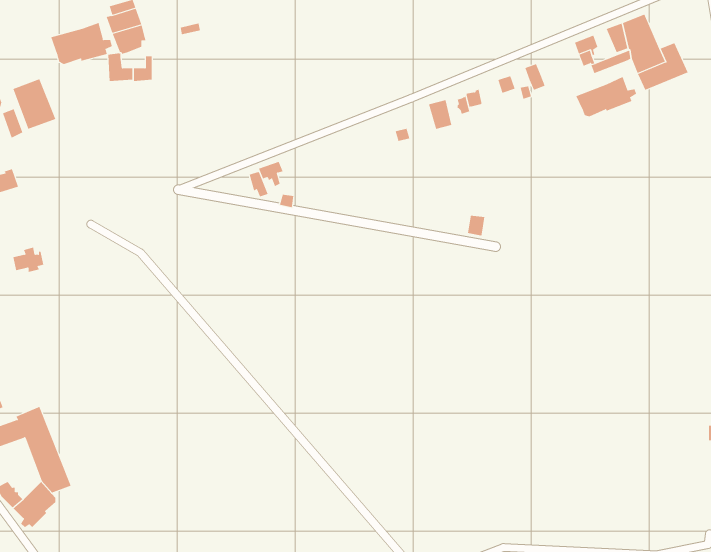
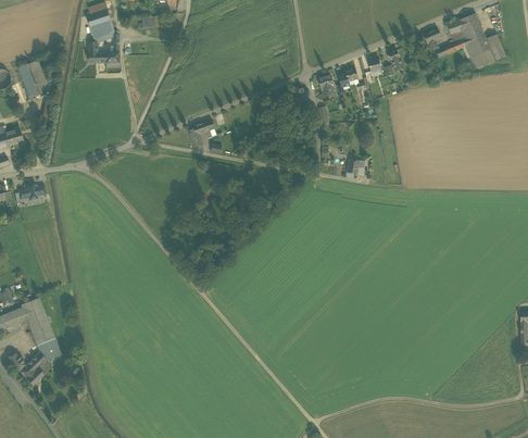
building: [51,22,112,65] -> none
building: [576,76,637,117] -> none

